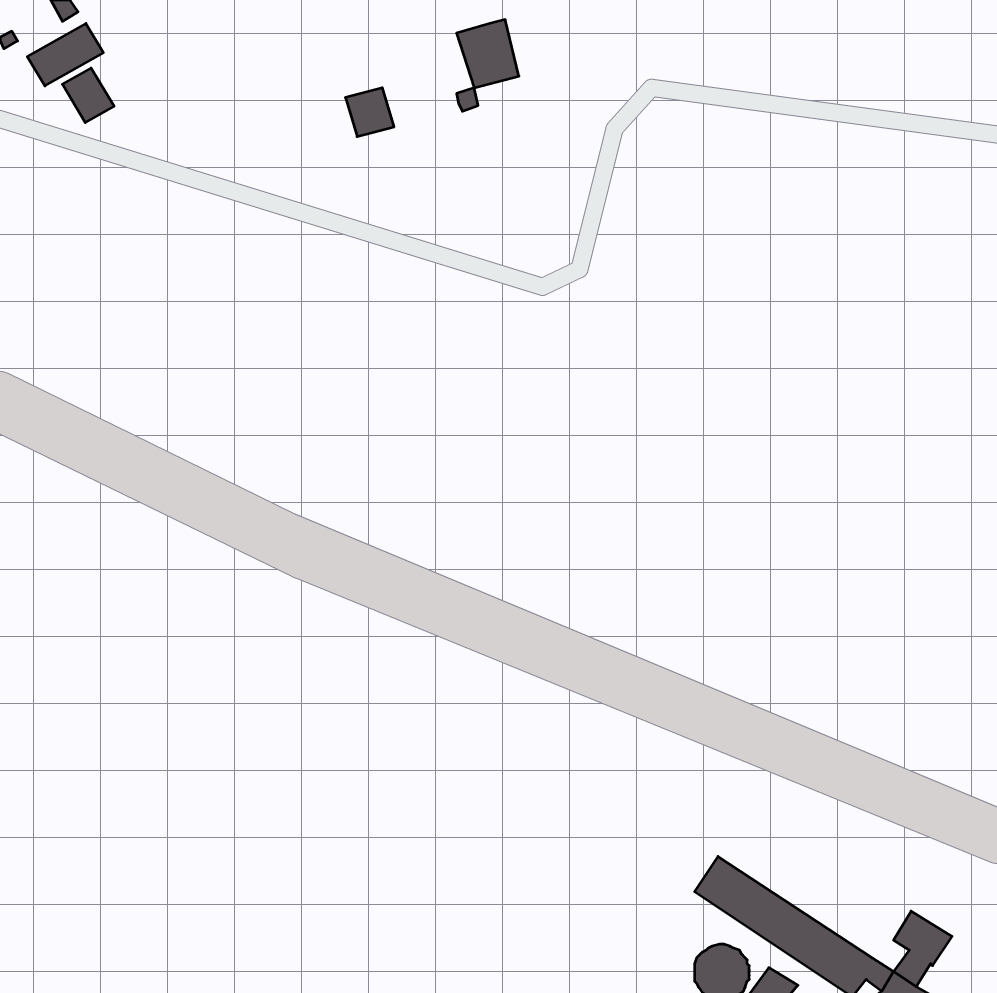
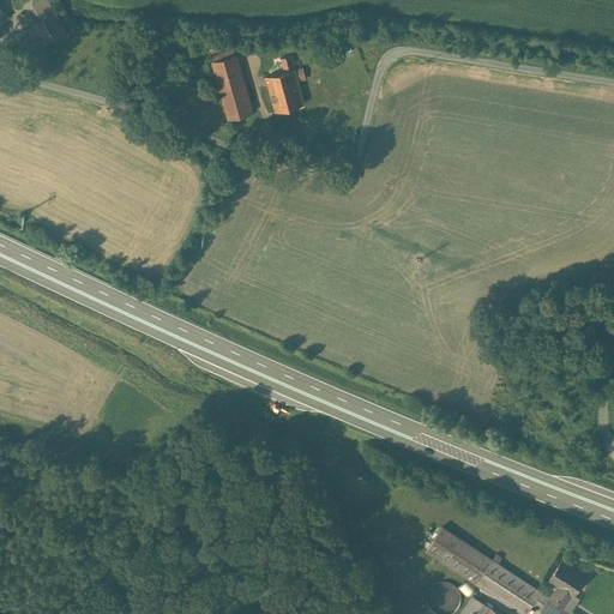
building: [457,20,519,88] -> [265,71,303,113]
building: [62,68,114,123] -> none
building: none -> [219,80,252,120]

